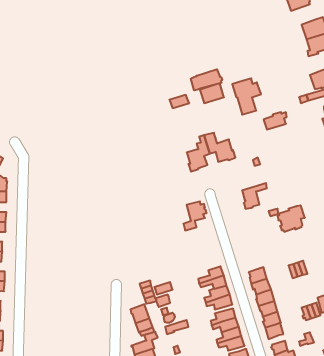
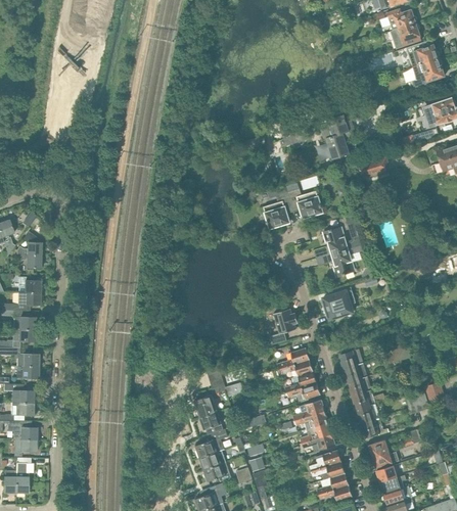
building: none -> [391,24,421,49]
building: [191,69,222,90] -> none
building: none -> [323,229,362,254]
building: [183,201,207,230] -> [270,310,299,345]
building: [278,205,305,232] -> [322,288,356,321]

